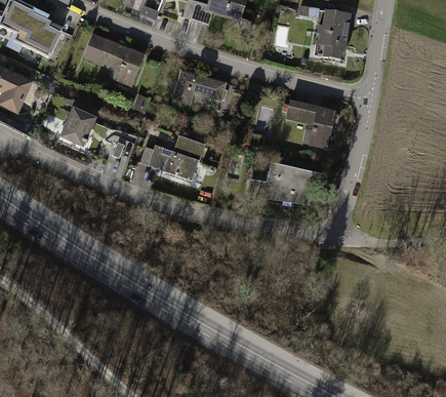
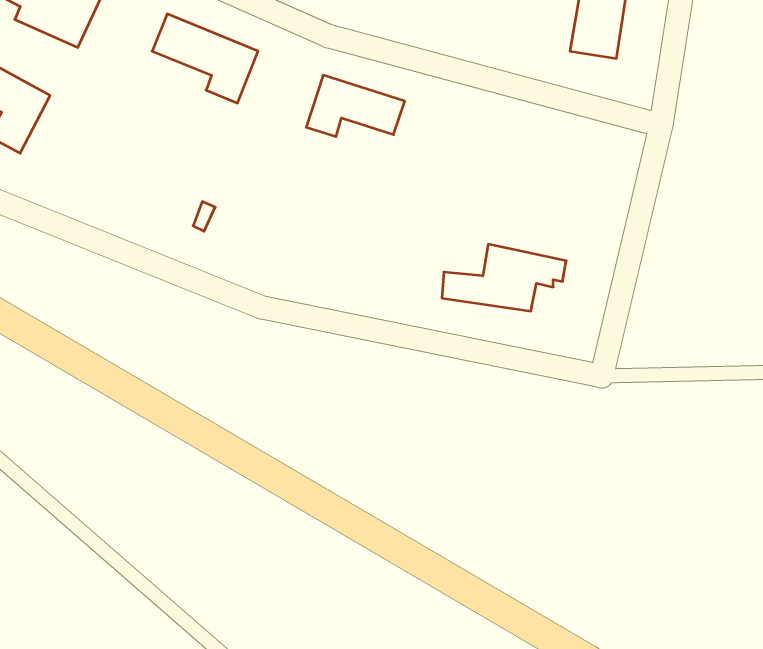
building: [285,98,334,146] -> none
building: [59,103,99,147] -> none
building: [138,133,201,177] -> none

